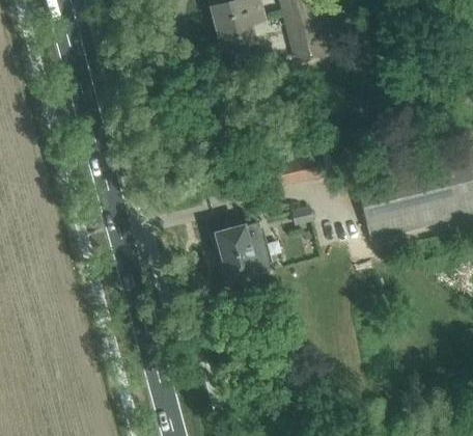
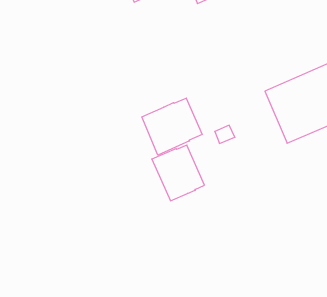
building: none -> [142,98,202,155]

